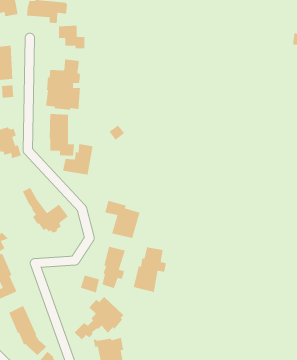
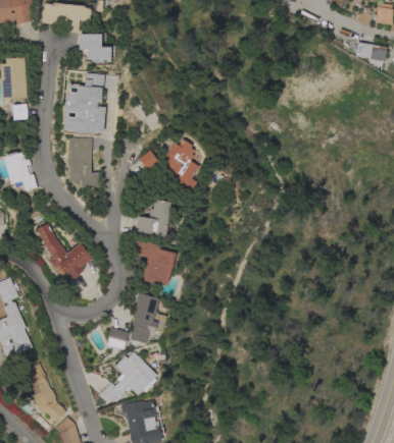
building: none -> [162,140,199,189]
building: [62,143,93,175] -> [135,200,171,237]
building: [133,247,167,293] -> none

